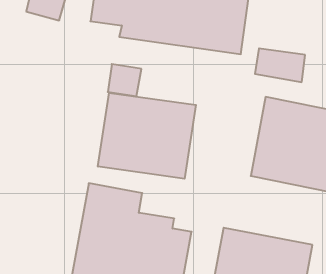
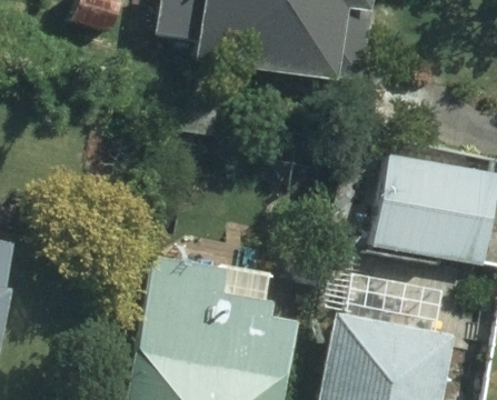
building: [98,93,196,179] -> none

